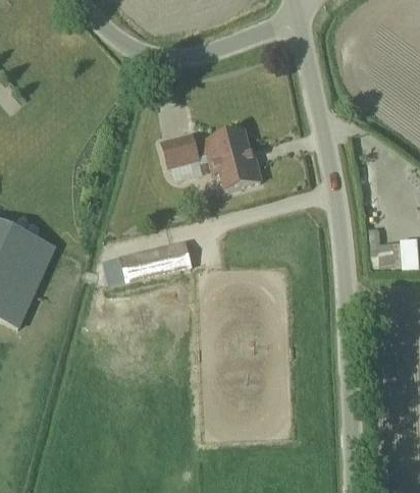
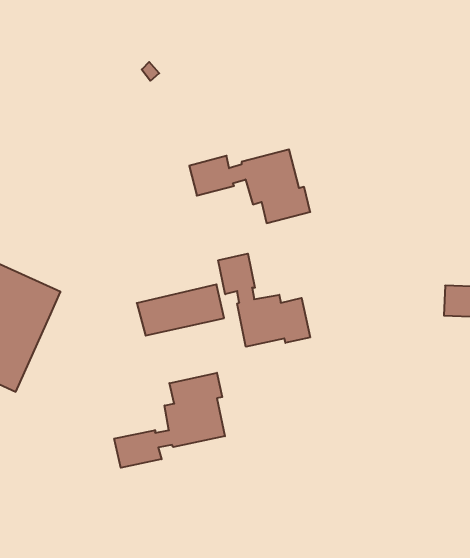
building: none -> [218,254,310,347]
building: none -> [114,373,225,468]

